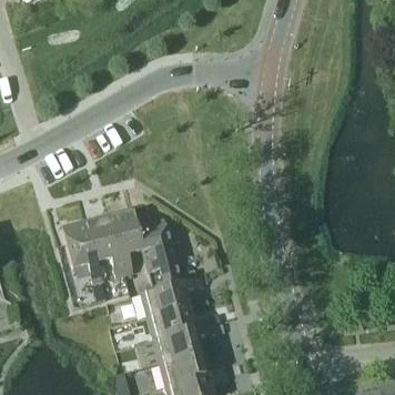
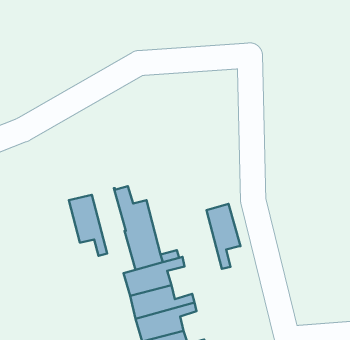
building: [107,207,141,274] -> [207,204,240,269]
building: [59,220,100,283] -> none

